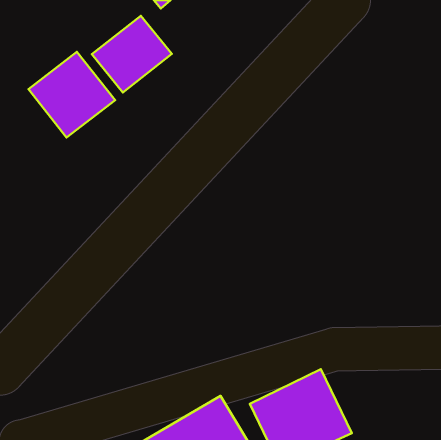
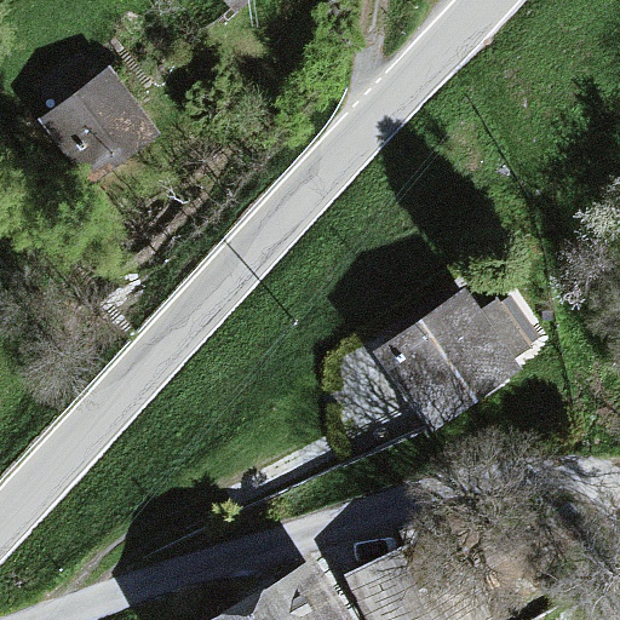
building: [92,16,172,92] -> none
building: none -> [371,288,523,435]

